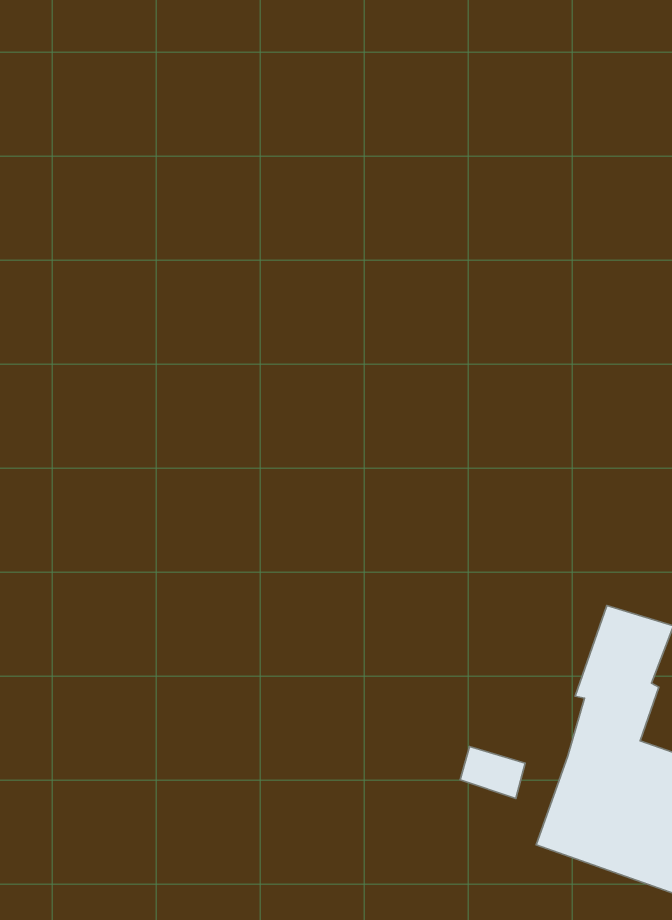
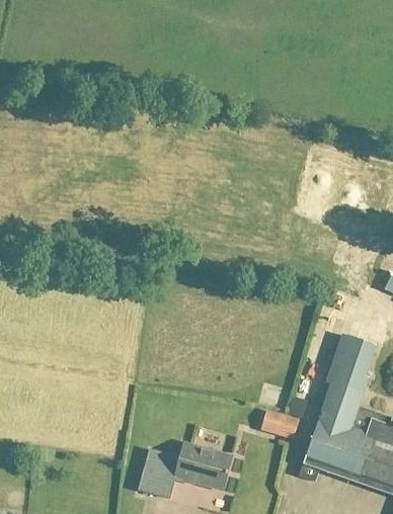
building: none -> [138,444,231,499]

